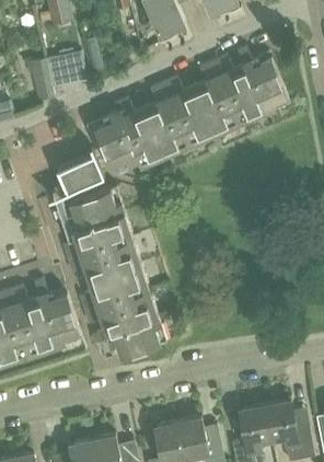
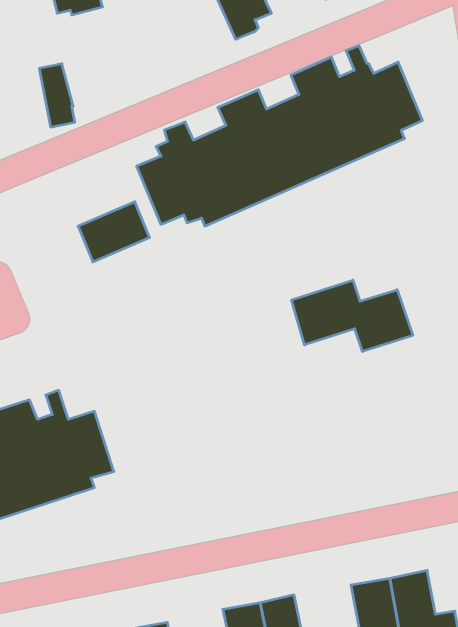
building: [45,50,86,85] -> none
building: [61,185,161,357] -> none
building: none -> [292,280,413,352]

